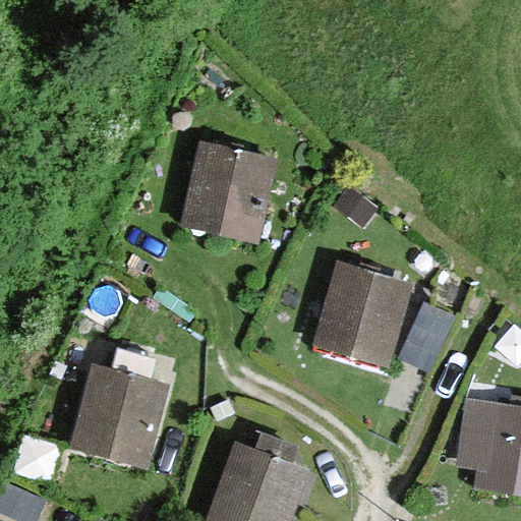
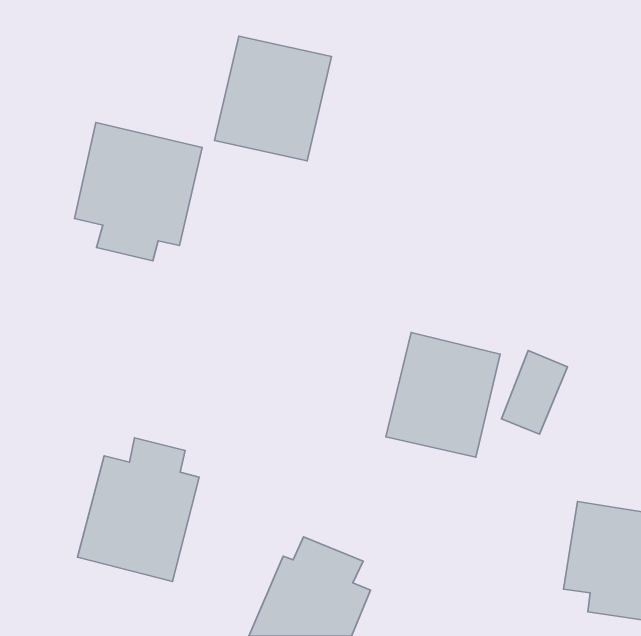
building: none -> [74,123,202,261]
building: [184,144,278,244] -> [215,36,331,161]

